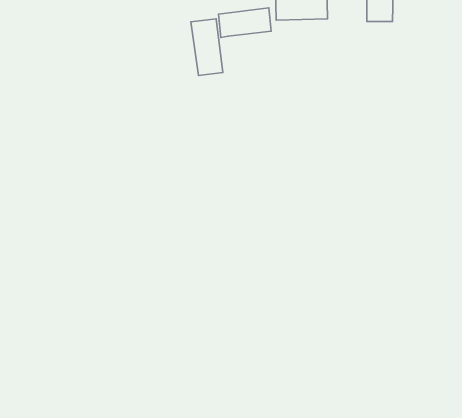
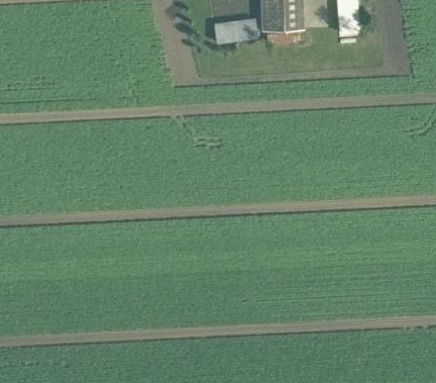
building: [191,19,223,75] -> none

